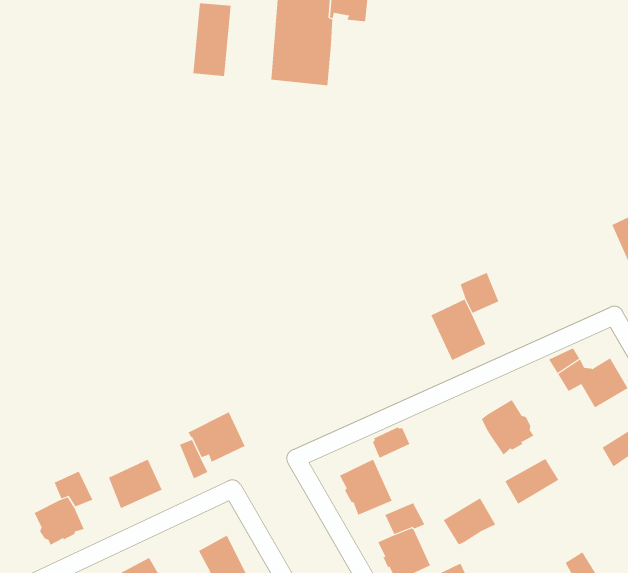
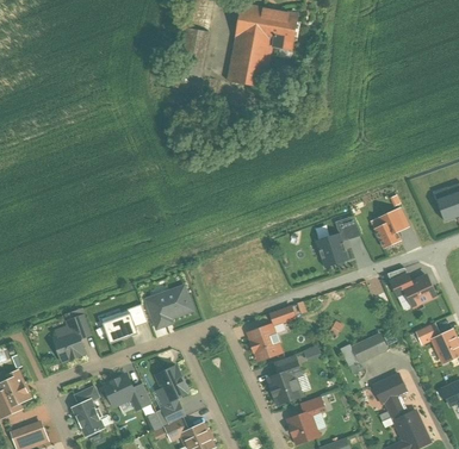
building: none -> [373,207,408,248]
building: [481,399,534,455] -> none
building: [443,498,496,545] -> [373,374,407,403]

